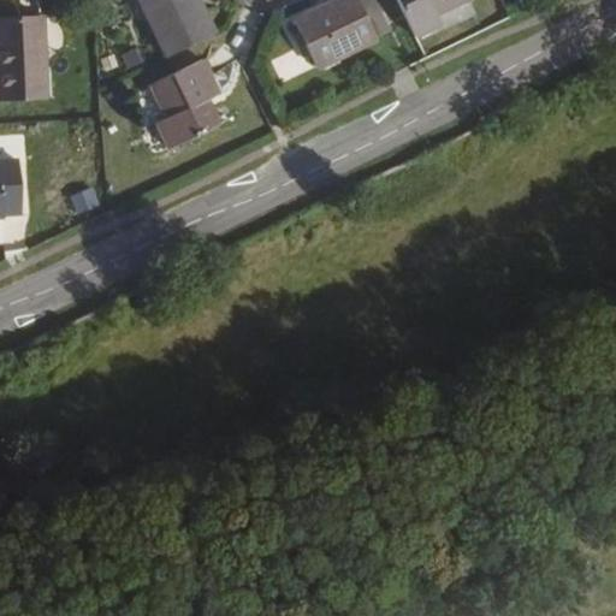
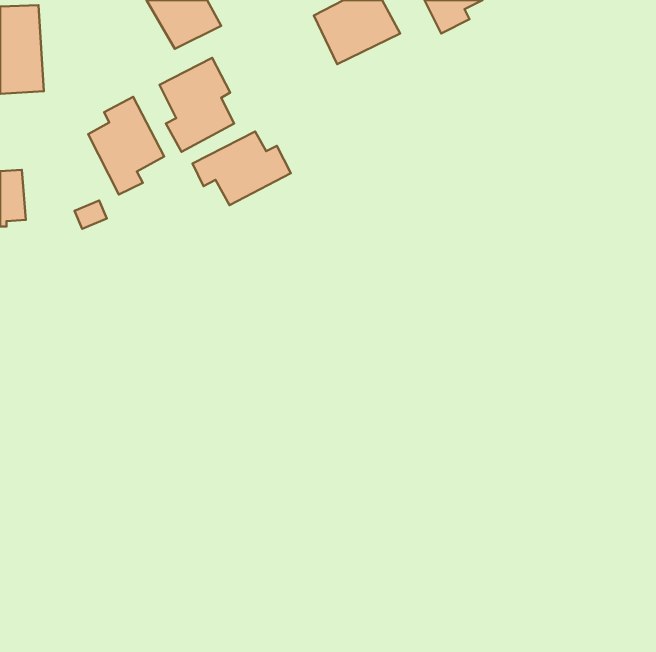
building: none -> [88,97,164,195]
building: none -> [193,132,291,205]

